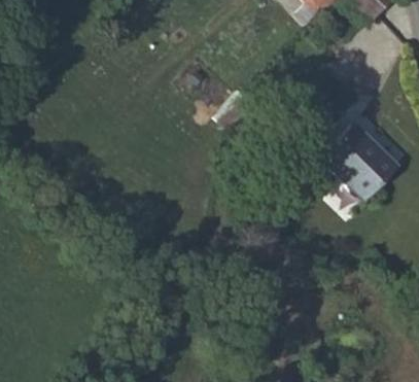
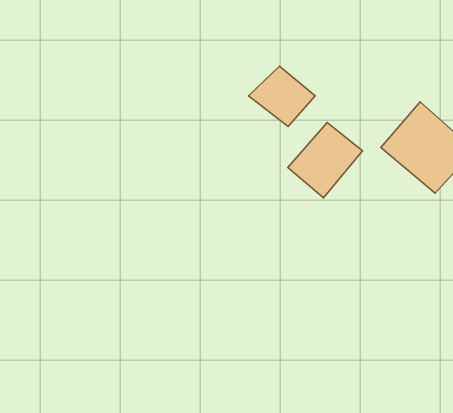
building: none -> [288,122,363,198]

